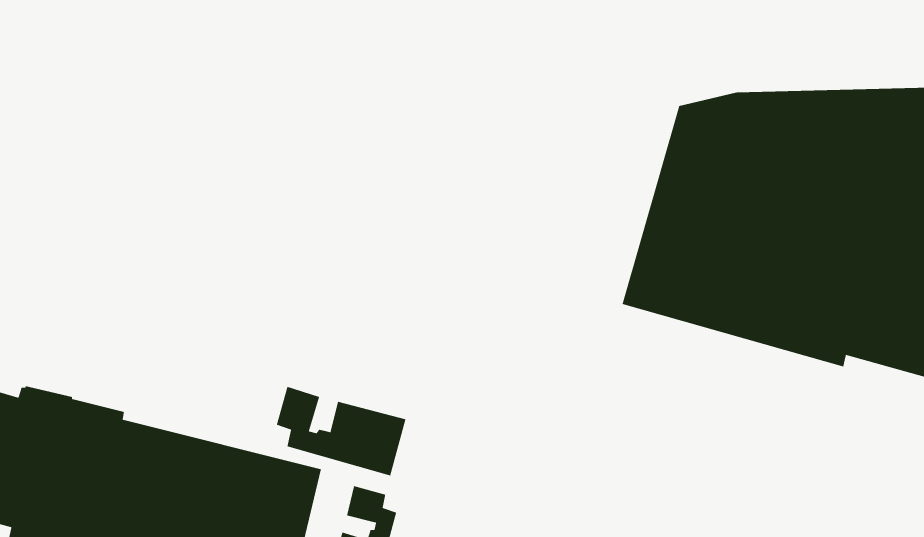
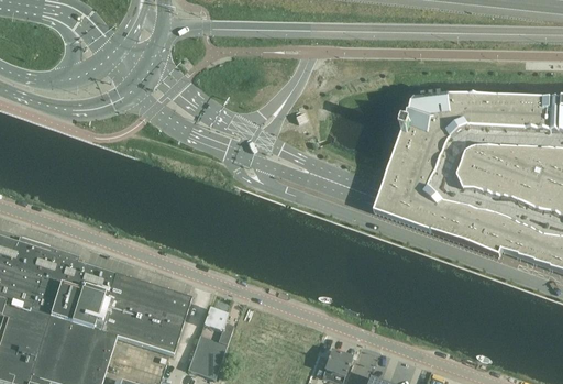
building: [276,386,407,477] -> none

